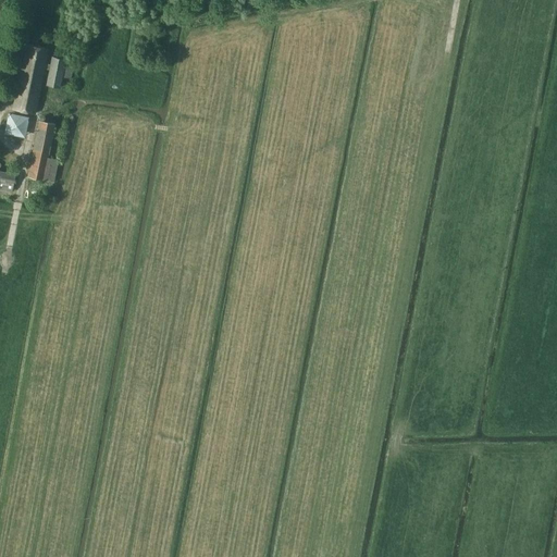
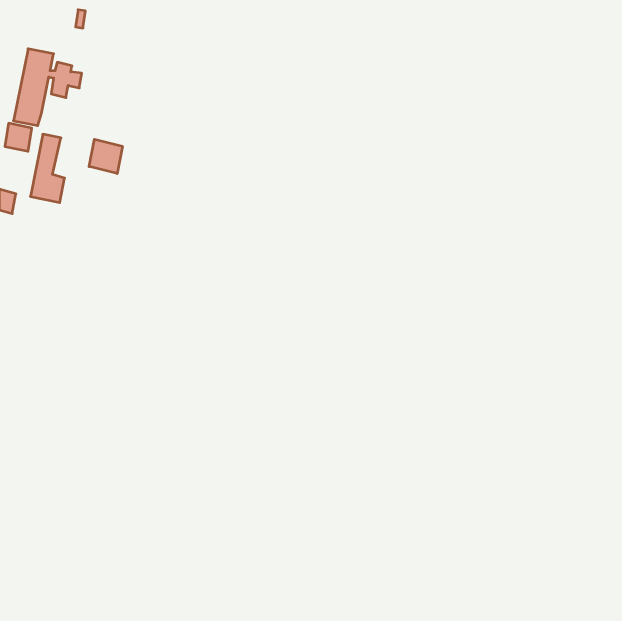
building: none -> [89,139,122,174]

